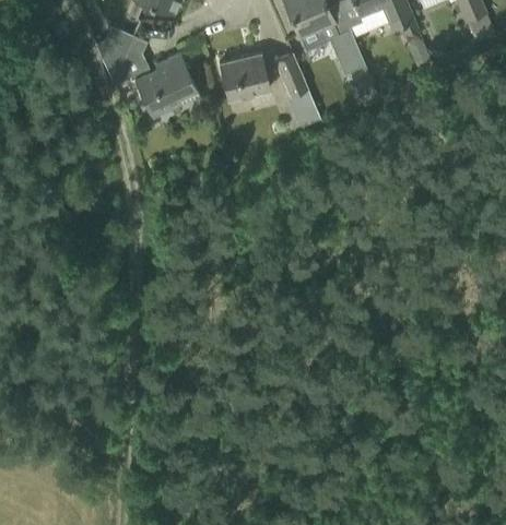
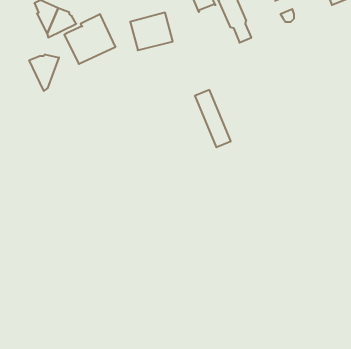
building: [273,51,319,124] -> [195,90,231,147]
building: none -> [29,54,59,91]

